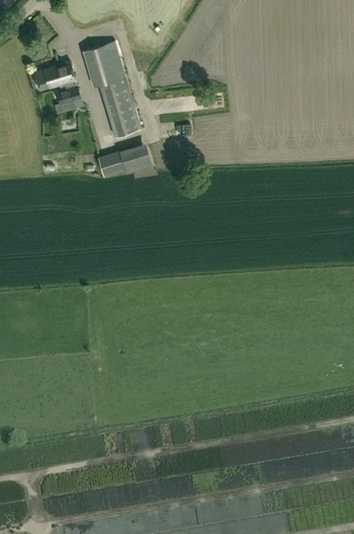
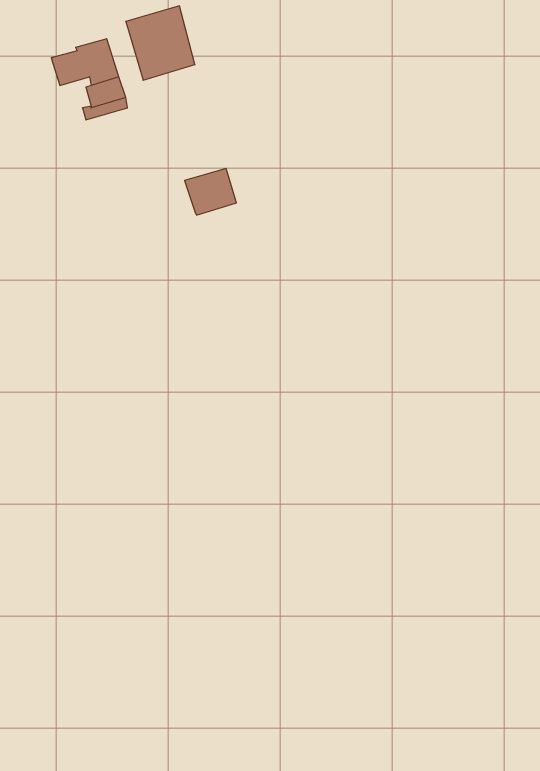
building: [100,78,141,137] -> none
building: [98,151,126,178] -> none

